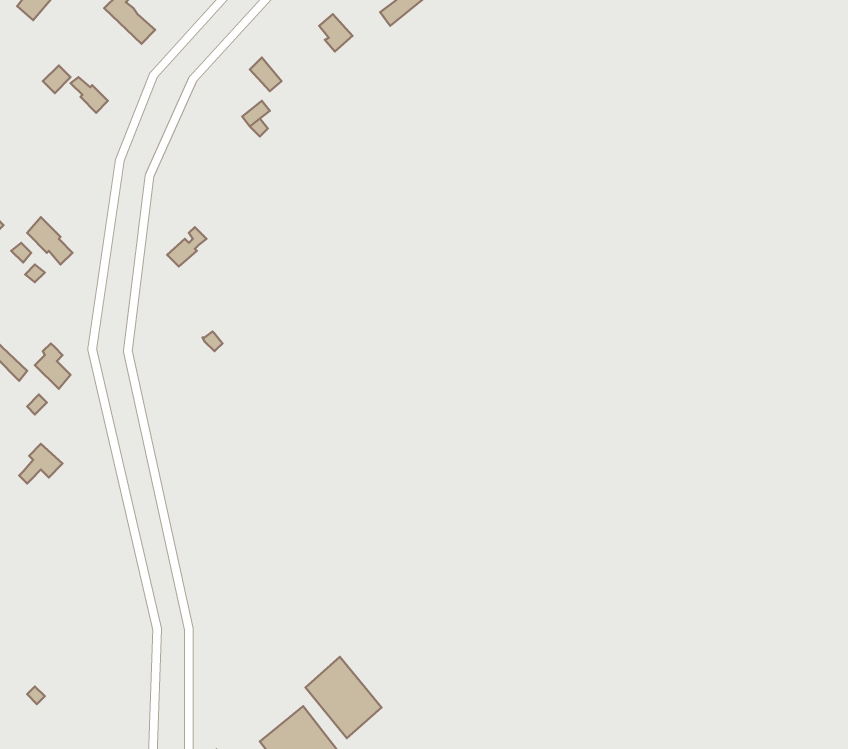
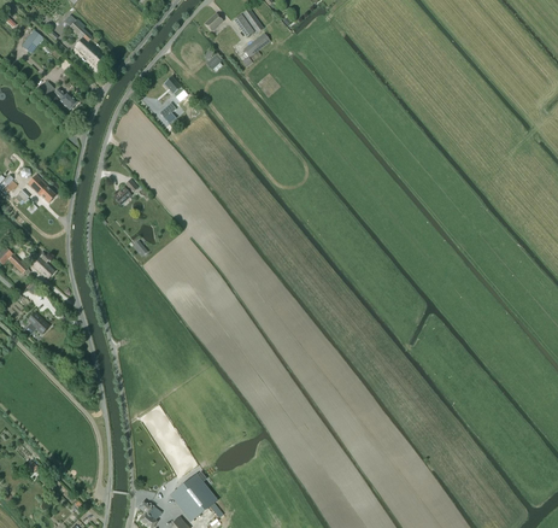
building: [305,657,381,738] -> none

